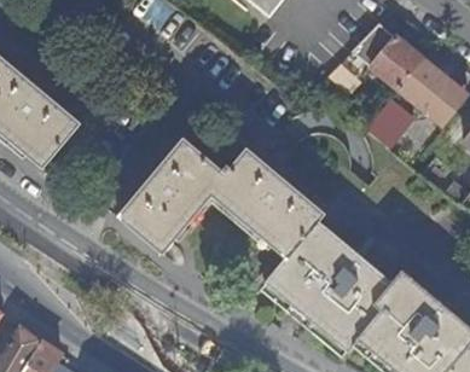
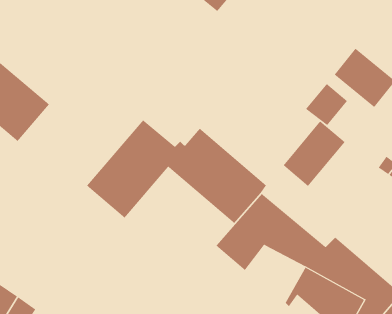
building: [353,23,423,88] -> none
building: none -> [283,120,345,187]
building: [298,281,366,347] -> none

